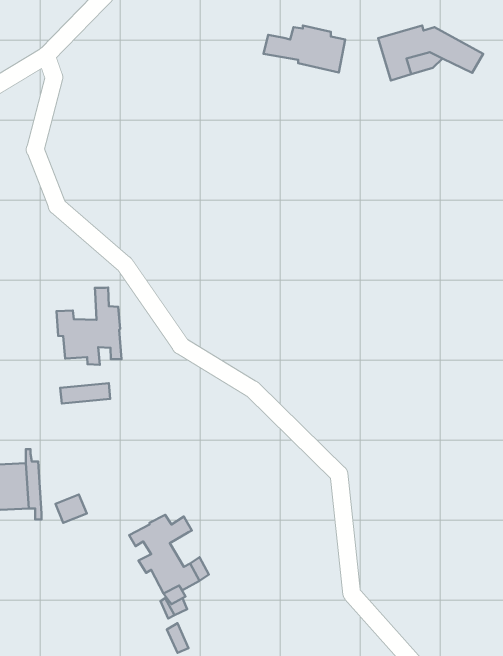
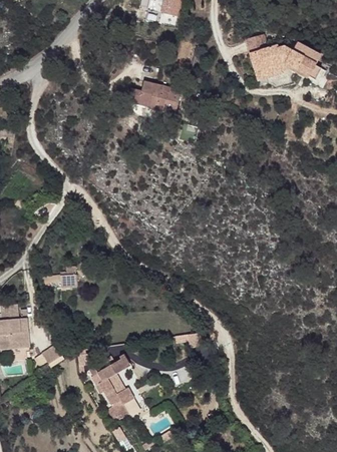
building: [264,25,345,72] -> [129,83,182,113]
building: [57,287,121,365] -> none

